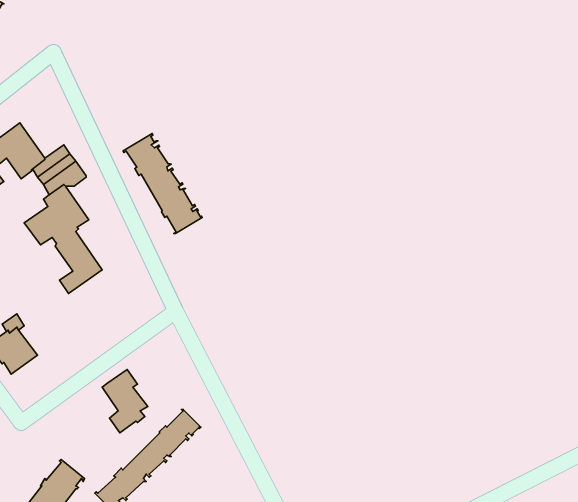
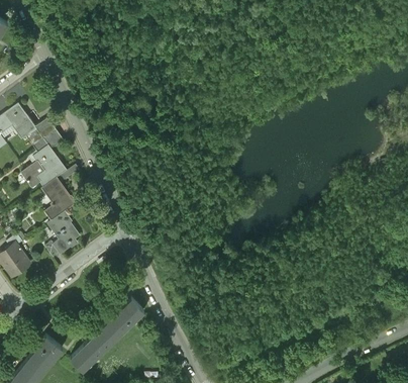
building: [123,134,202,234] -> none
building: [102,370,148,433] -> [48,211,80,255]

